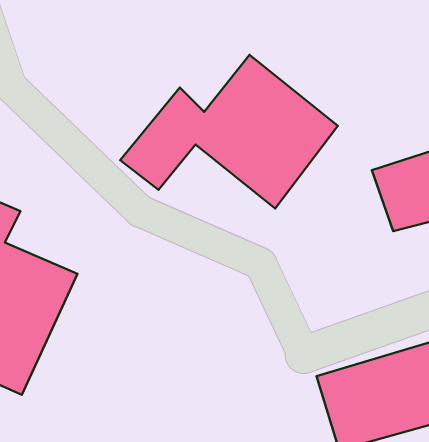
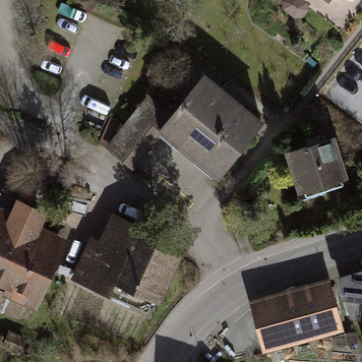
building: none -> [70,214,182,315]

